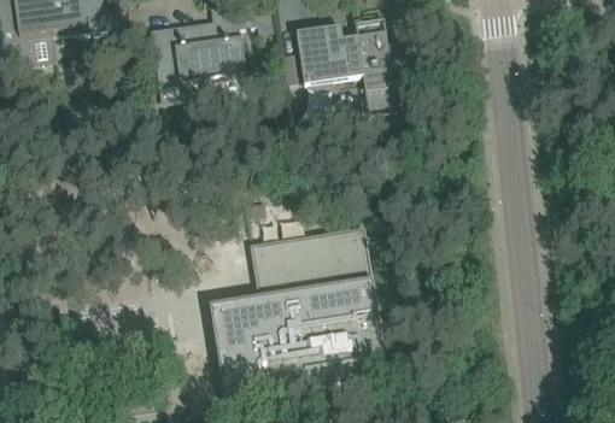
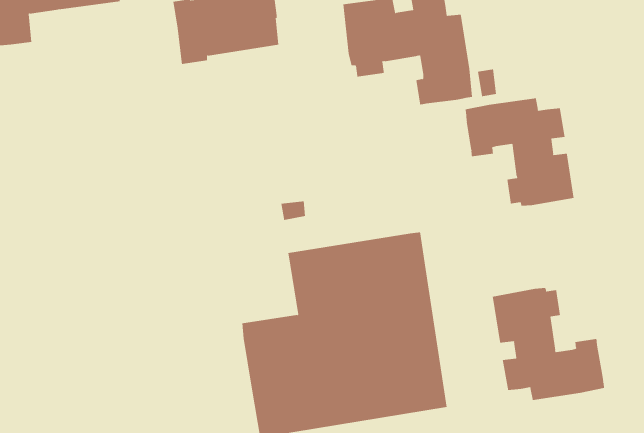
building: none -> [465,98,574,207]
building: none -> [492,287,605,401]

